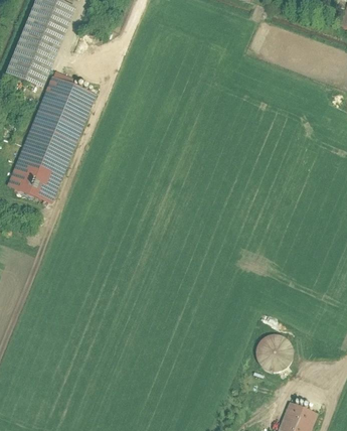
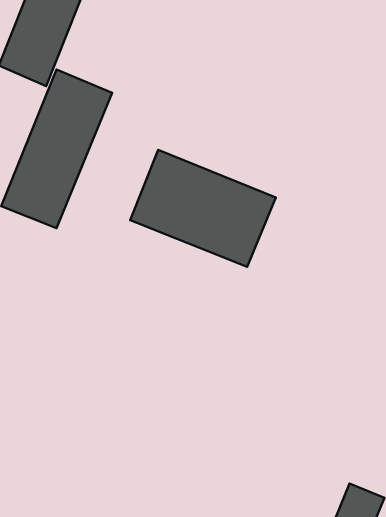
building: none -> [130,150,276,267]
building: [249,332,286,368] -> none

